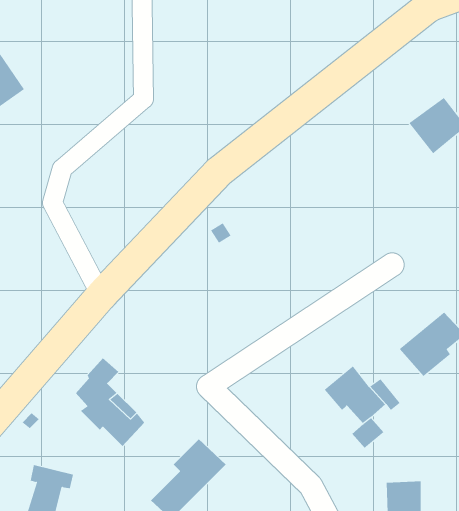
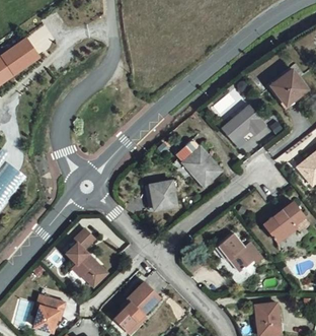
building: none -> [225,106,289,142]
building: none -> [183,140,221,185]
building: none -> [148,179,174,209]

